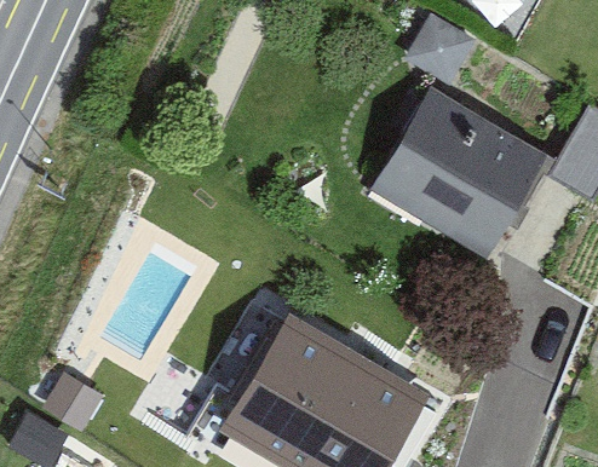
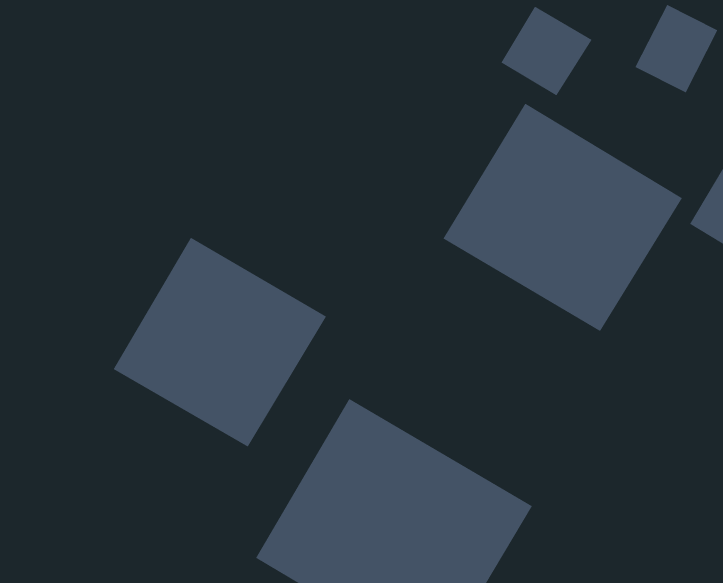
building: none -> [113,237,327,447]

